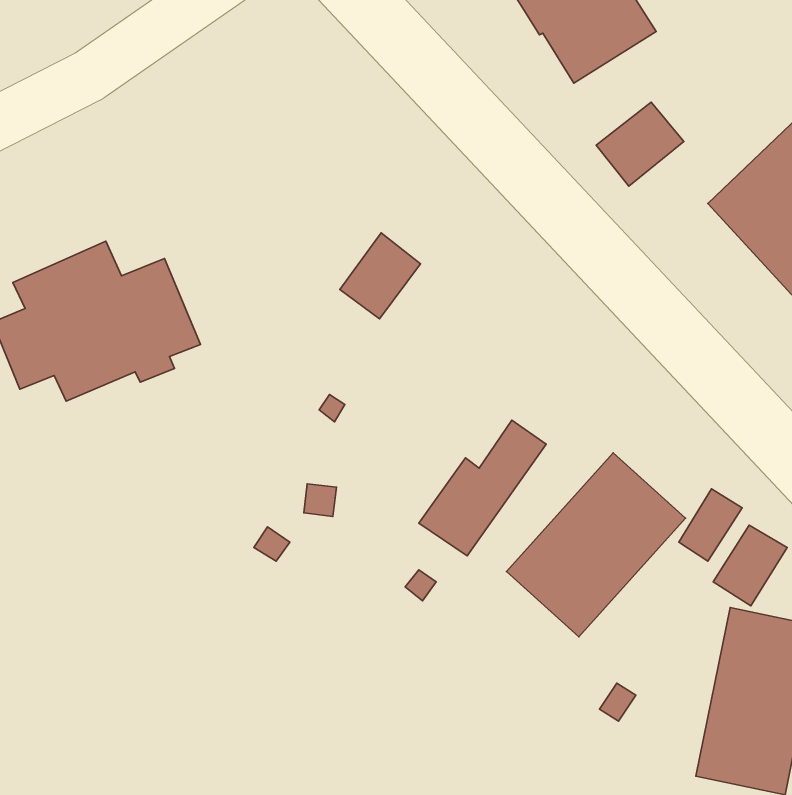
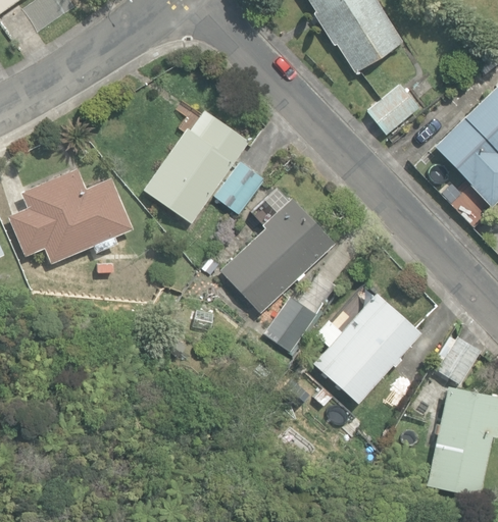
building: none -> [144,110,248,221]
building: none -> [218,189,337,313]

